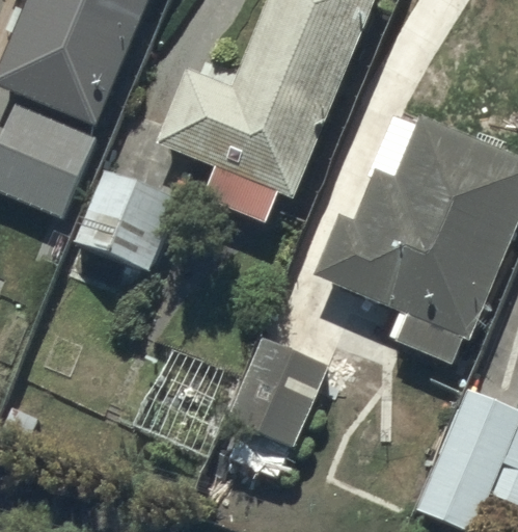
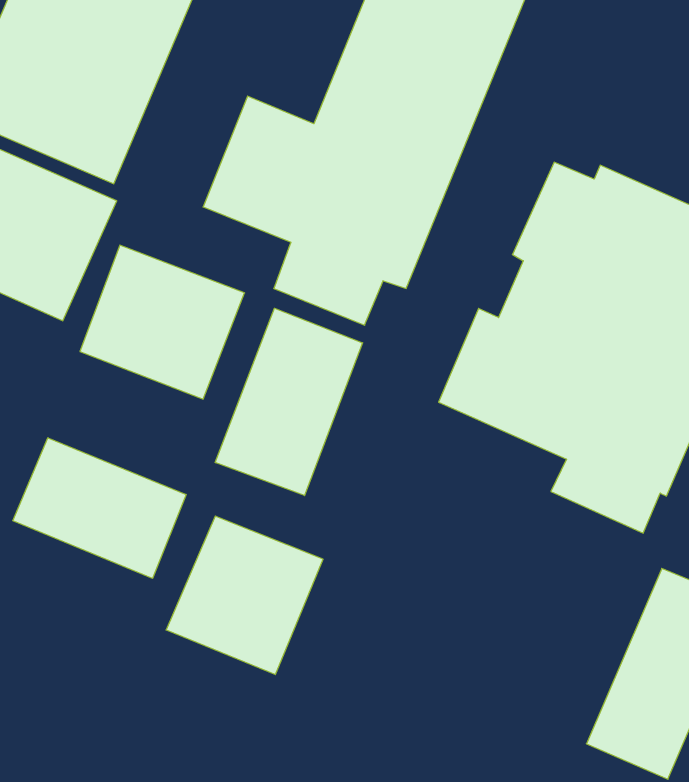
building: none -> [215,308,363,496]
building: none -> [13,438,186,578]
building: [229,339,327,476] -> none

